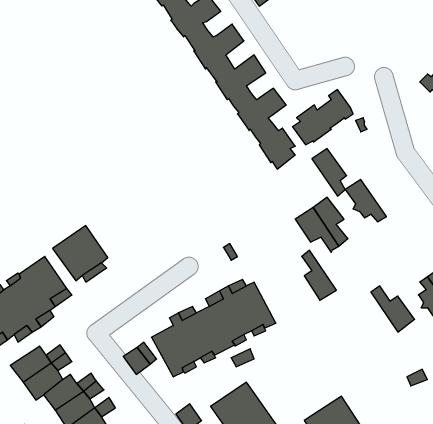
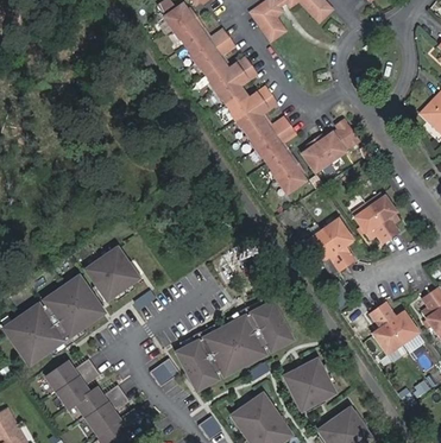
building: [312,149,347,196] -> [367,194,399,238]
building: [302,250,336,300] -> [370,308,402,354]
building: none -> [279,355,335,411]

